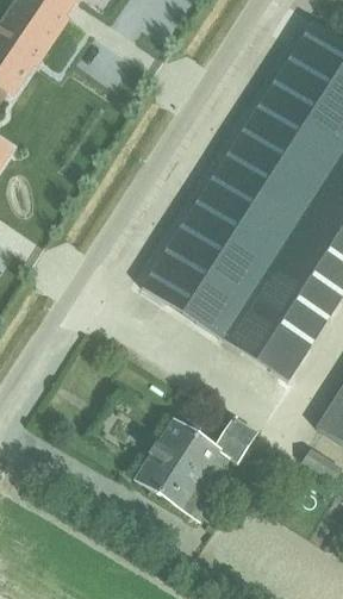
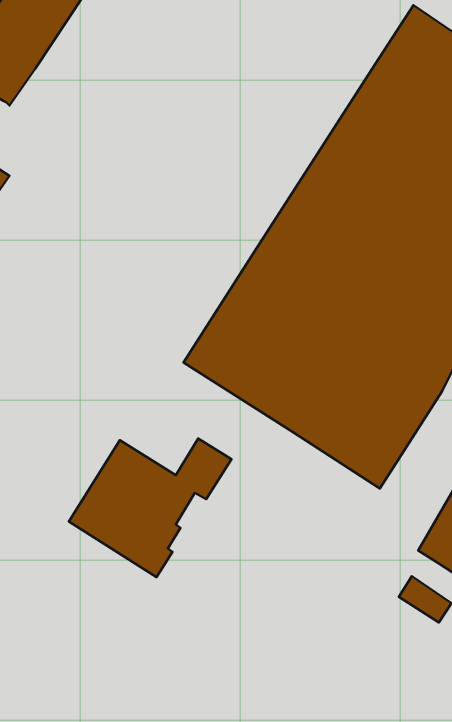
building: [135,416,256,519] -> [69,438,232,577]

